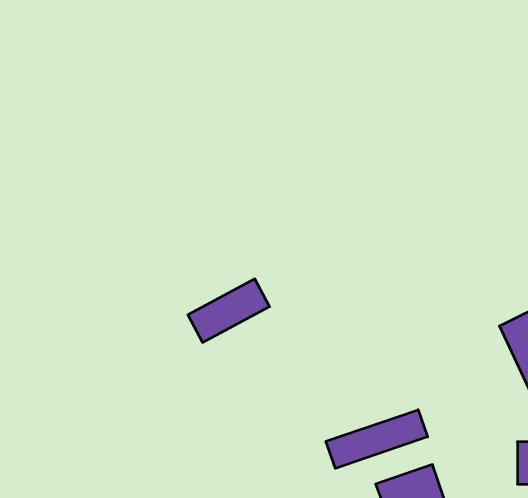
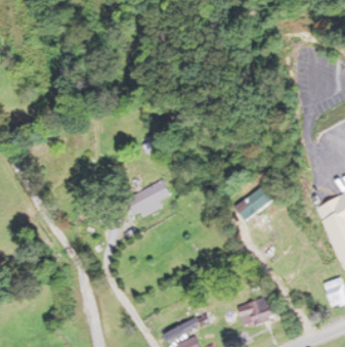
building: none -> [234,185,273,220]
building: [326,410,428,468] -> none

